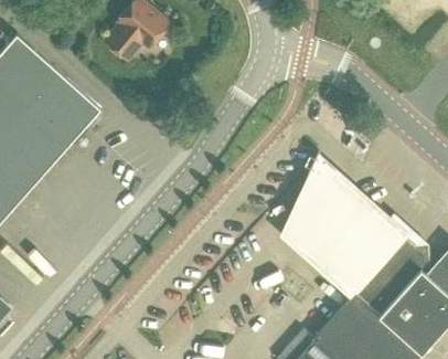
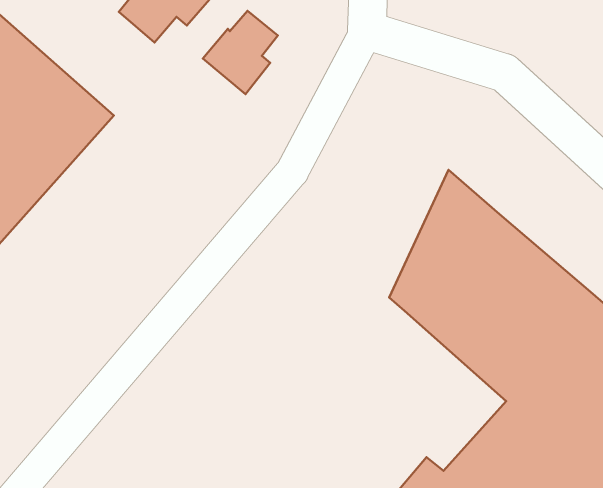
building: none -> [203,11,278,94]

